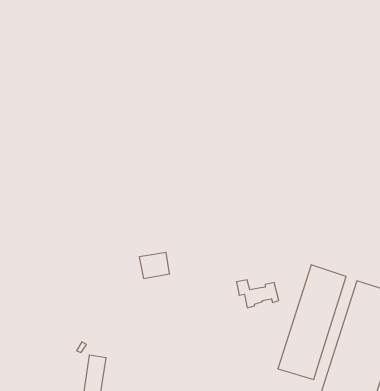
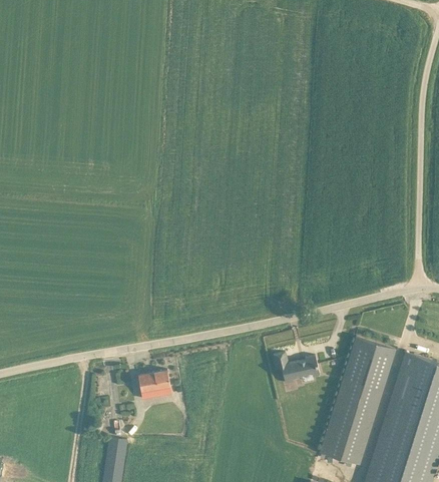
building: [139,252,170,278] -> [137,372,171,401]

